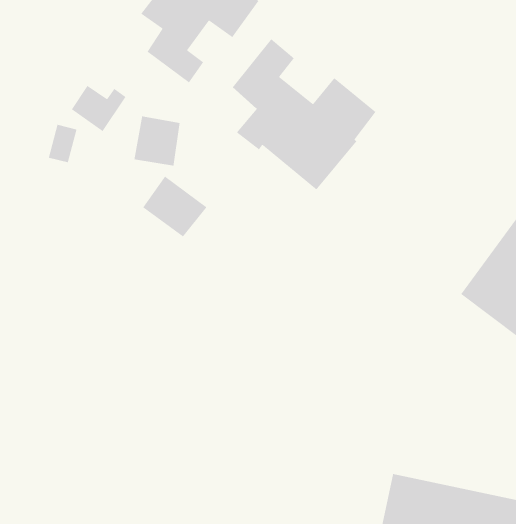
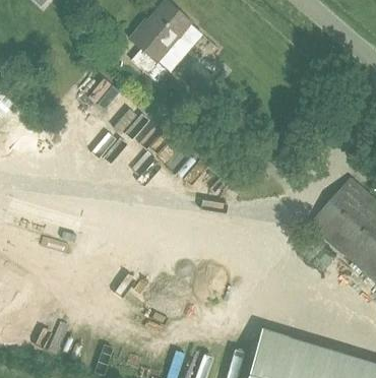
building: [232,38,376,190] -> none

